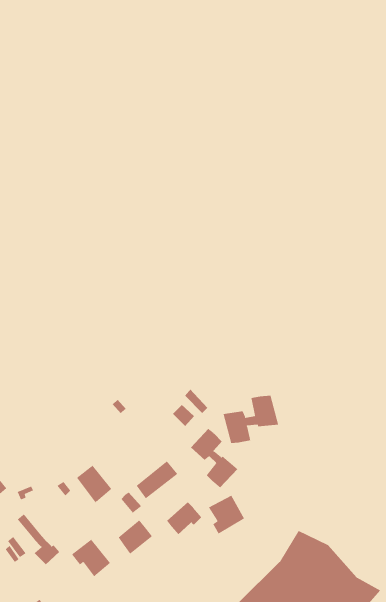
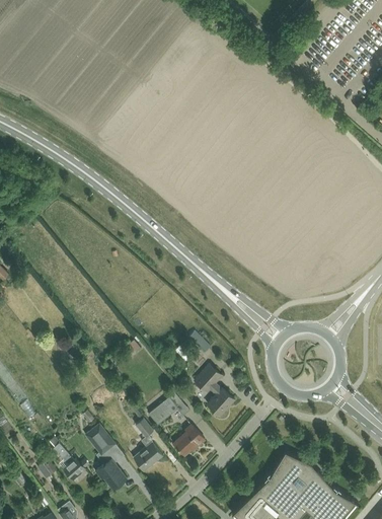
building: [223,395,279,444] -> none
building: [76,465,112,503] -> [85,425,116,457]
building: [208,495,245,534] -> none

